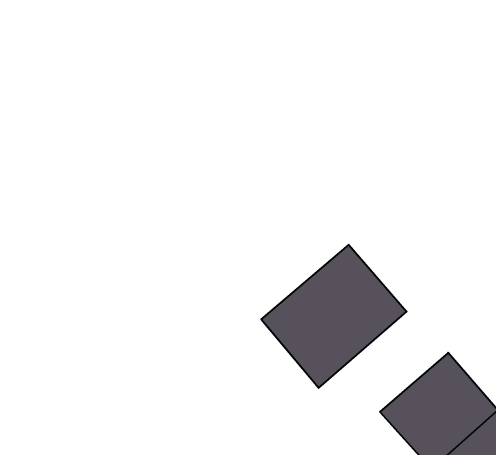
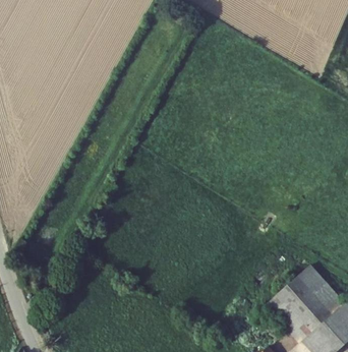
building: [261,245,407,388] -> none

